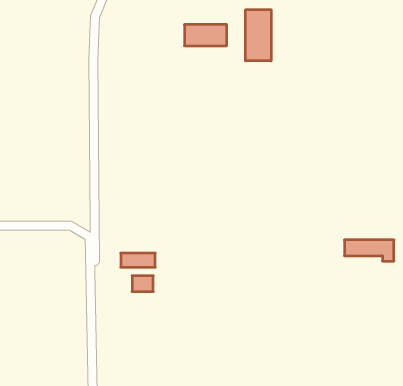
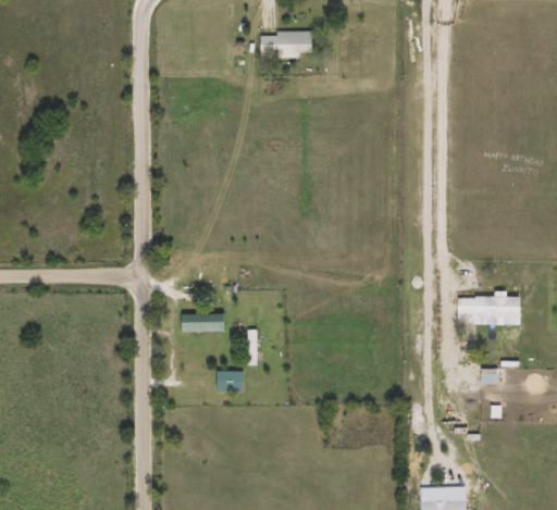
building: [246,10,271,61] -> none
building: [132,276,153,292] -> [216,371,243,390]

